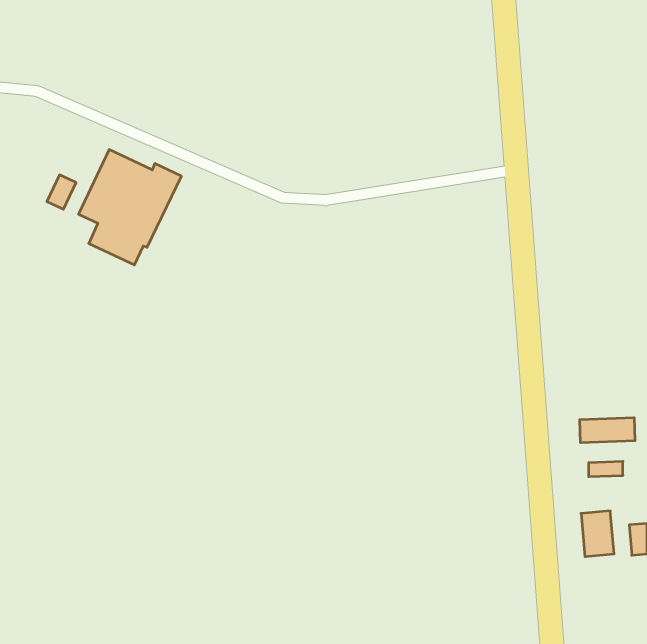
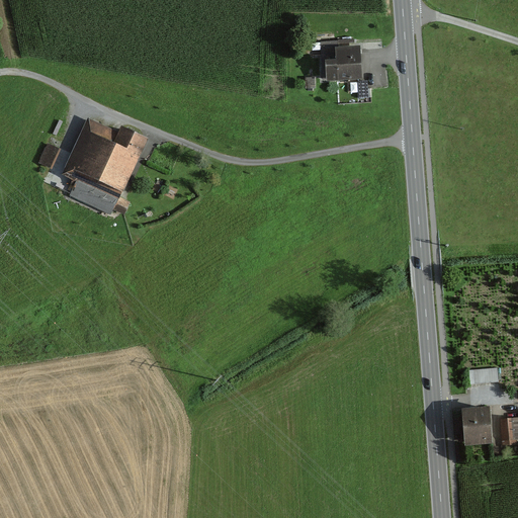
building: none -> [327,48,359,79]
building: [580,418,635,443] -> none

